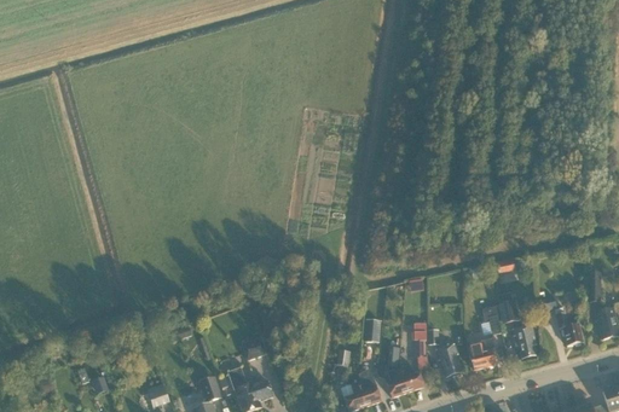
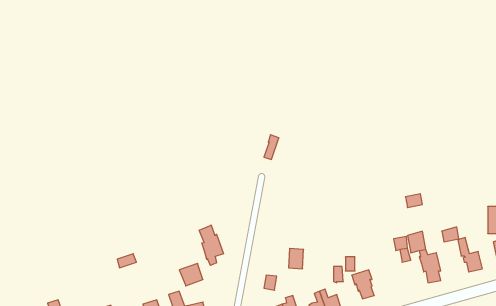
building: none -> [199,225,223,265]
building: [467,338,496,371] -> none

